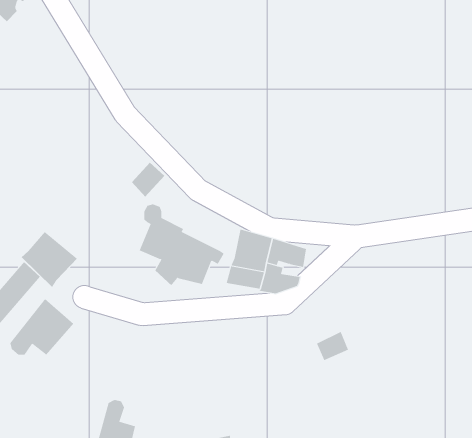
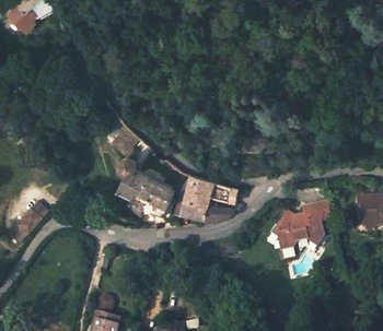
building: [21,231,78,288] -> none
building: none -> [278,200,332,248]
building: [10,298,74,356] -> none

